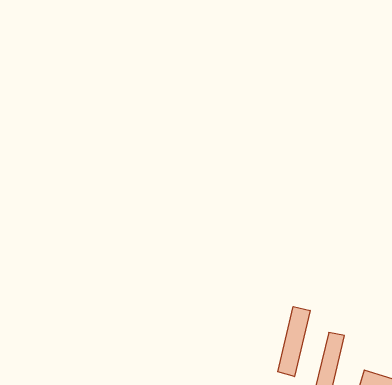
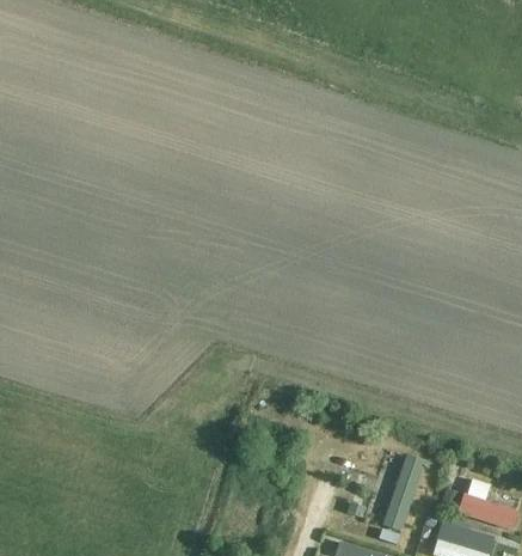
building: [278,307,310,377] -> none

